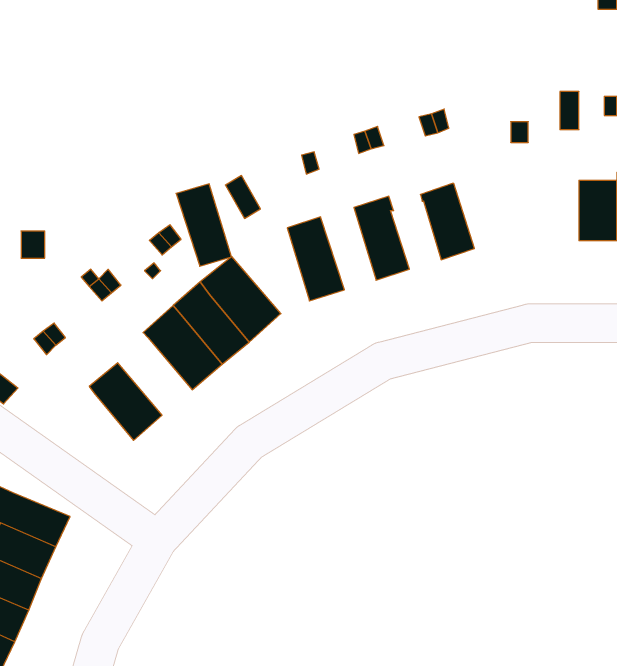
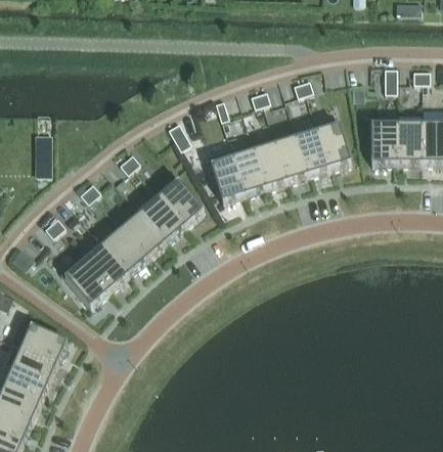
building: none -> [371,116,399,165]
building: none -> [314,117,352,170]
building: [176,184,231,266] -> [230,143,266,196]
building: none -> [275,139,308,183]
building: none -> [99,227,147,277]
building: none -> [65,263,109,309]

